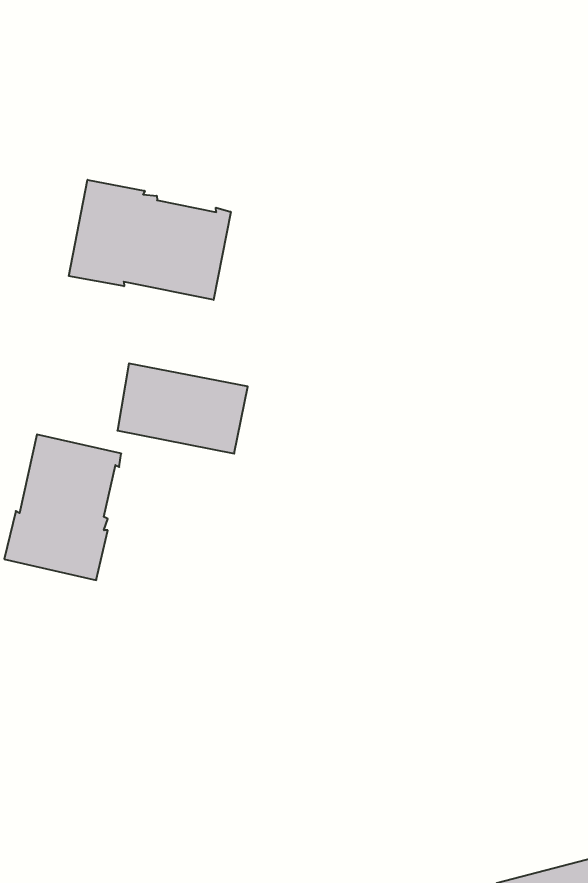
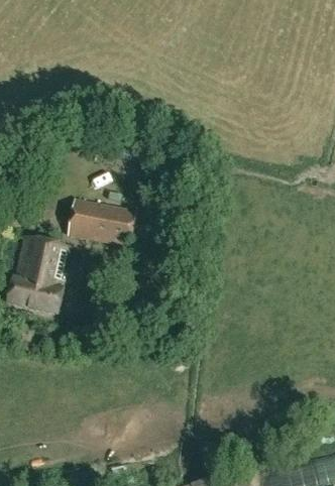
building: [69,180,231,300] -> none

